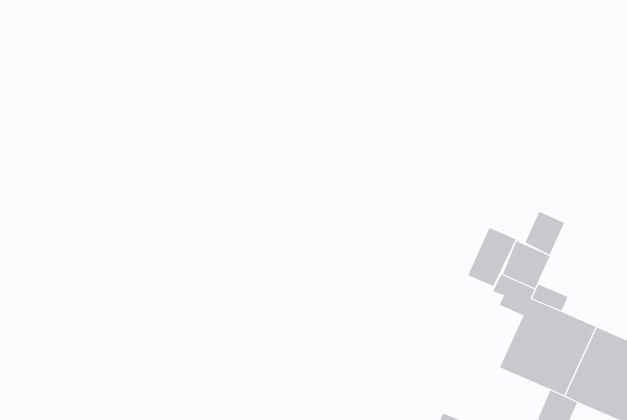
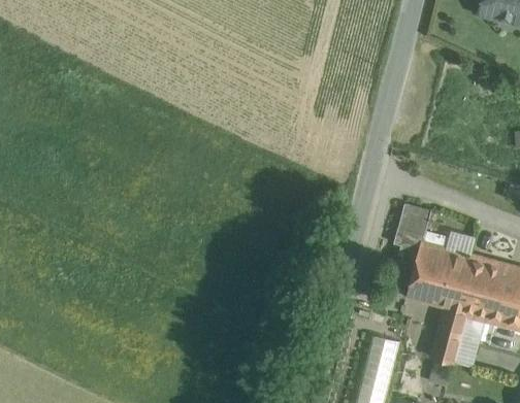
building: [525,211,565,255] -> none
building: [467,227,516,287] -> none

